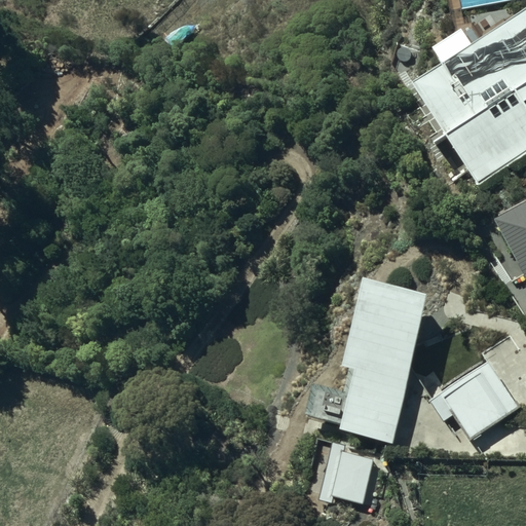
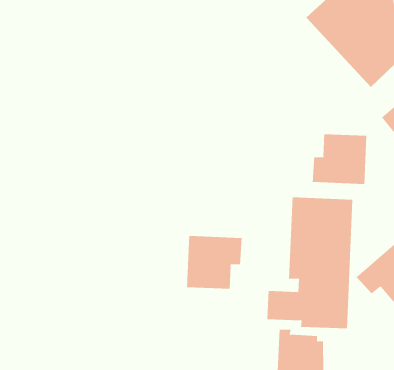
building: none -> [312,134,367,185]
building: none -> [187,235,242,290]

